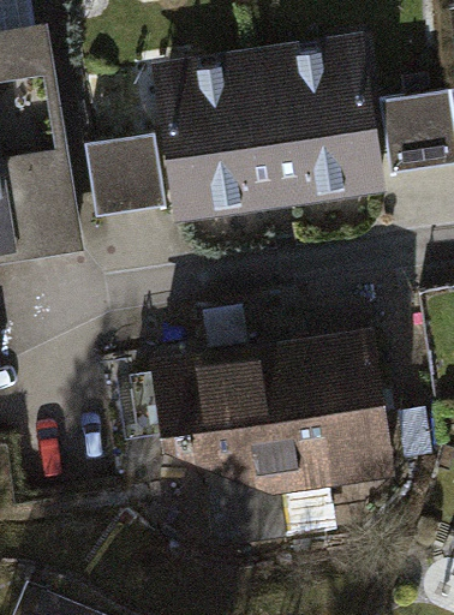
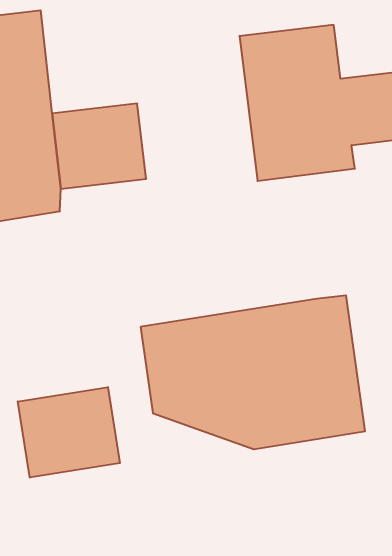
building: [147,53,281,221] -> none
building: none -> [18,387,120,478]

